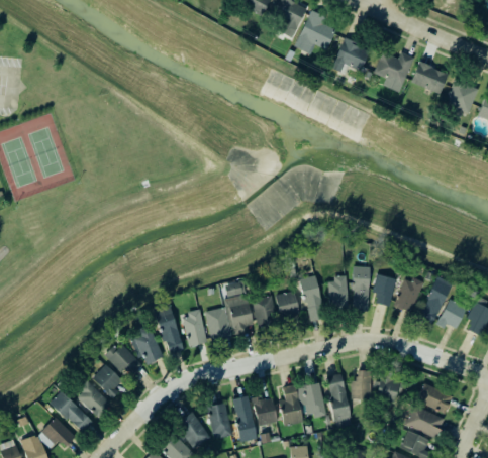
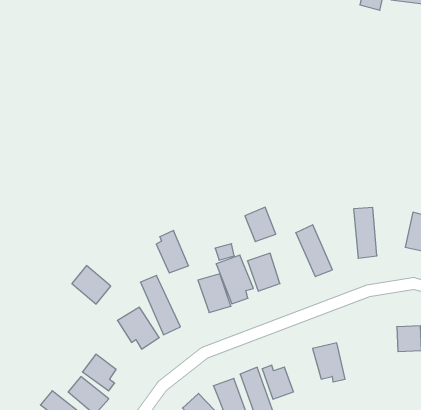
building: [371,274,396,307] -> none
building: [328,278,348,310] -> none
building: [275,291,300,320] -> [245,207,276,242]
building: [182,309,208,346] -> [156,230,189,273]
building: [105,342,139,377] -> [72,266,111,304]
building: [351,371,371,399] -> none
building: [325,374,352,427] -> none
building: [278,384,303,426] -> none

